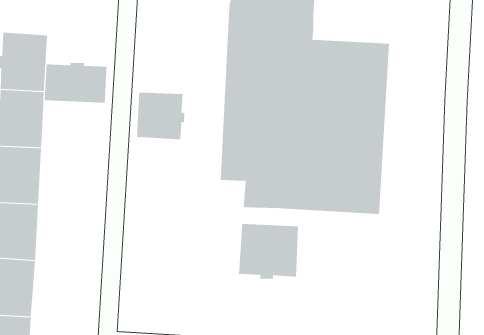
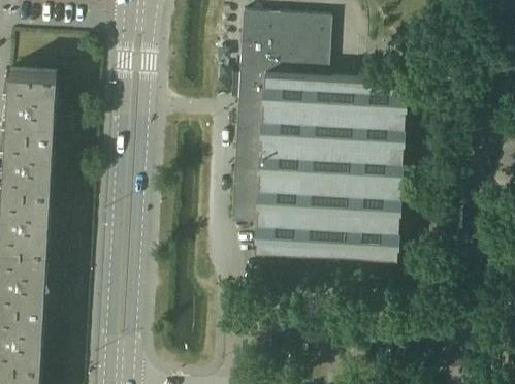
building: [44,62,107,104] -> none
building: [136,92,185,140] -> none
building: [239,223,299,279] -> none

